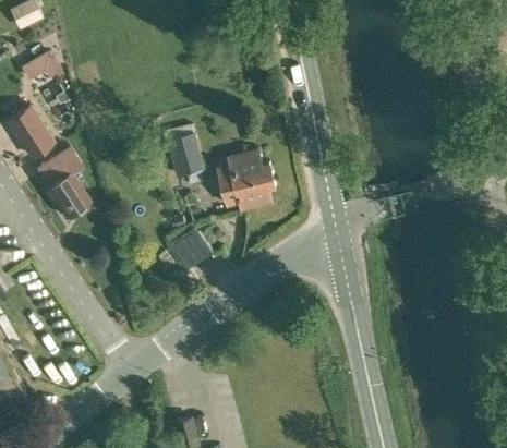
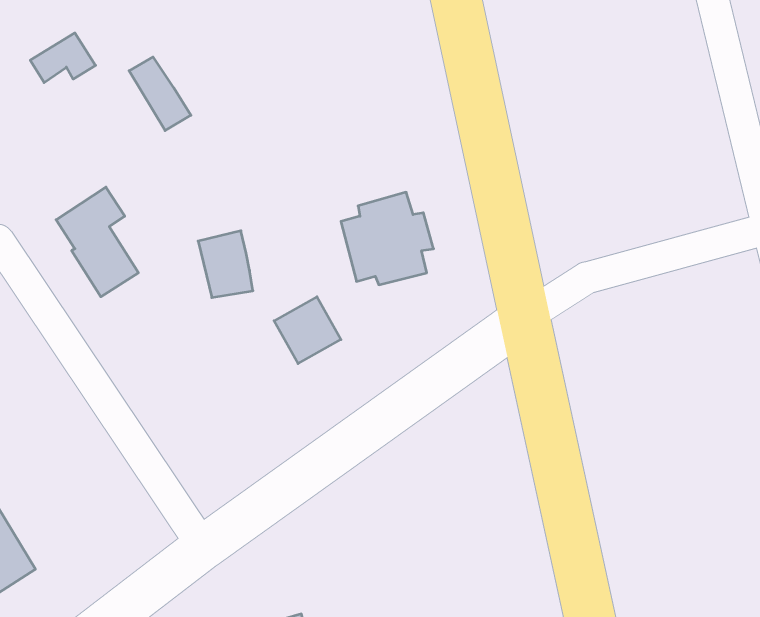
building: [9,111,48,158] -> [129,57,191,131]
building: [167,135,202,178] -> [198,231,253,298]

